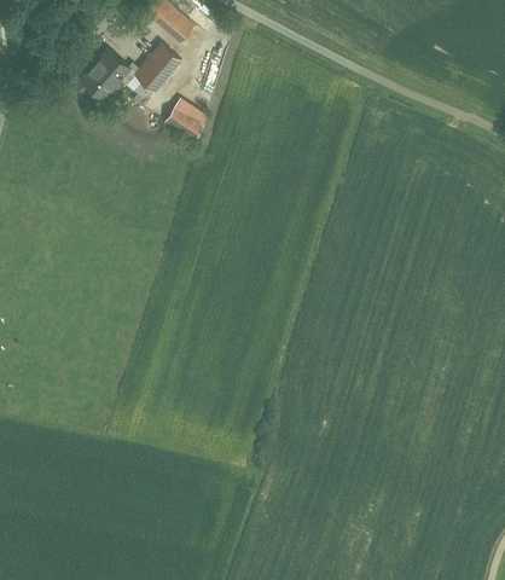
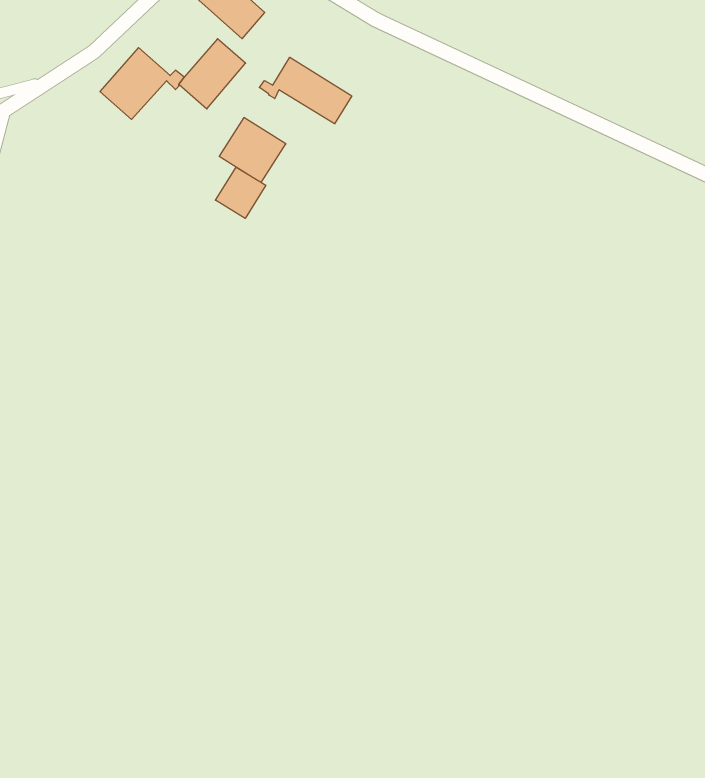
building: none -> [259,57,352,124]
building: none -> [215,167,266,218]

